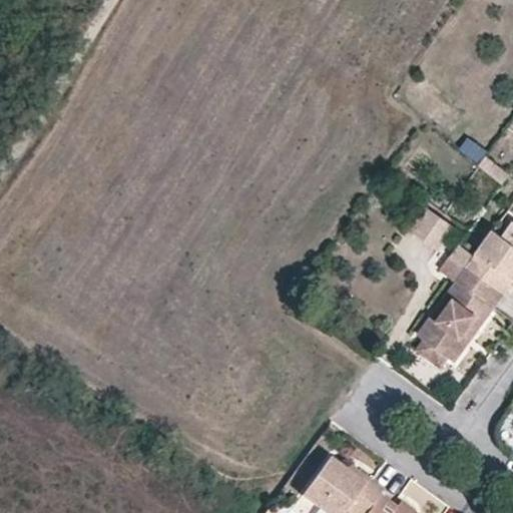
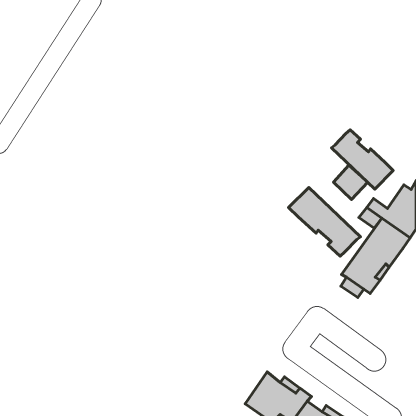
building: none -> [331,130,393,189]
building: none -> [289,187,361,256]

